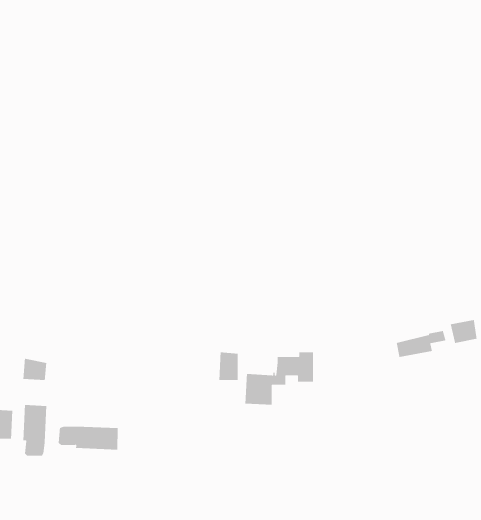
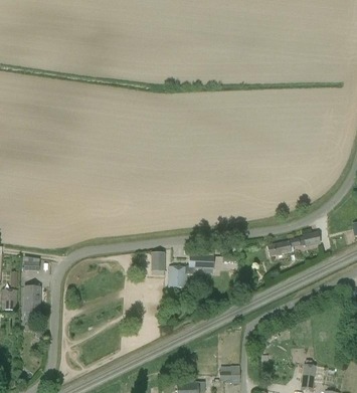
building: [58,426,118,450] -> none

